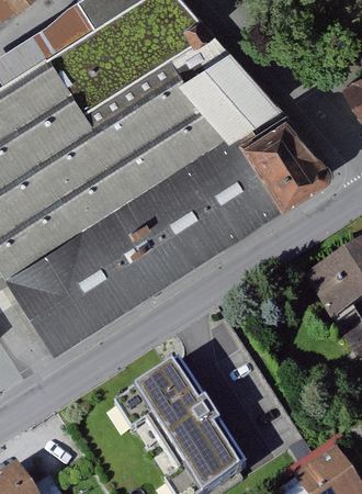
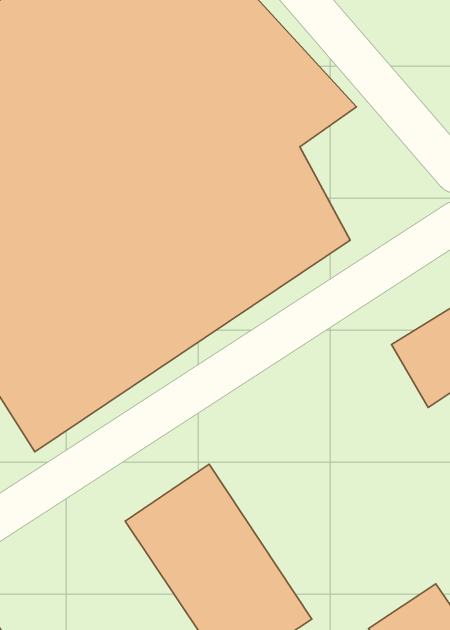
building: [244,111,326,206] -> none

